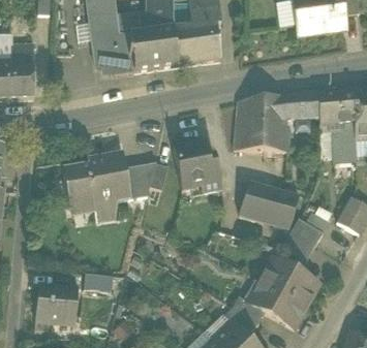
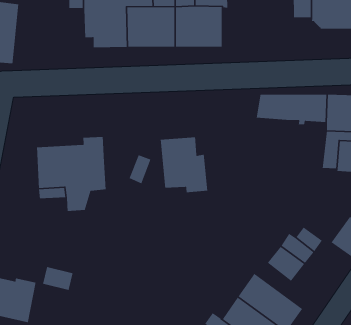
building: [234,97,287,149] -> none
building: [125,163,155,198] -> none
building: [239,181,299,228] -> none

